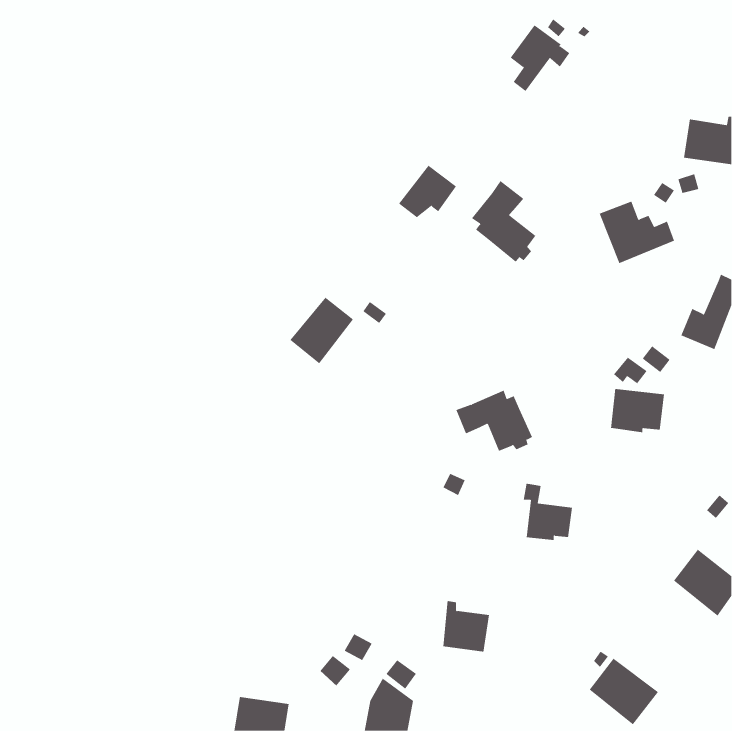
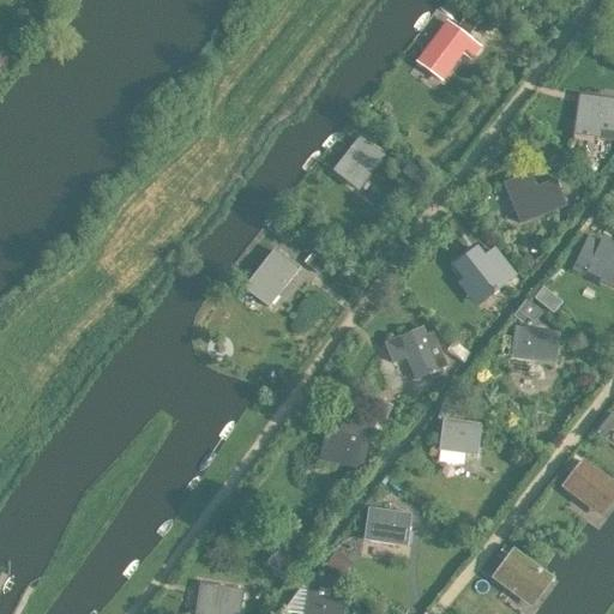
building: [471,180,536,262] -> none
building: none -> [462,248,511,296]
building: none -> [323,420,367,466]

